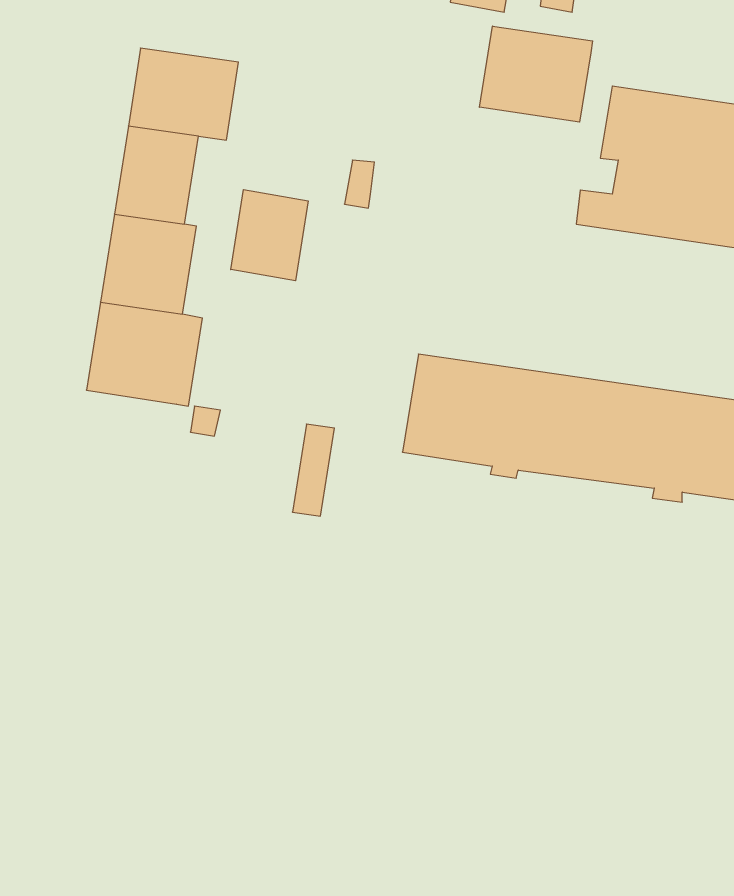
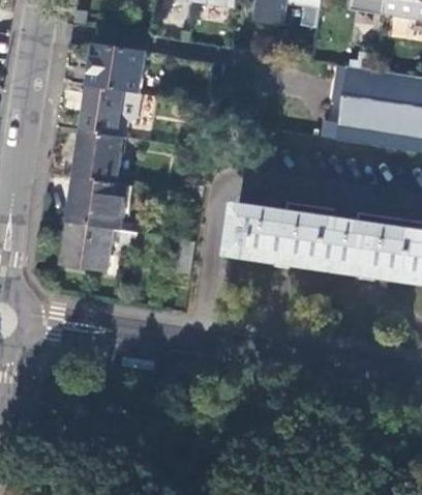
building: [479,26,593,122] -> none
building: [231,190,308,281] -> none
building: none -> [59,222,112,270]

